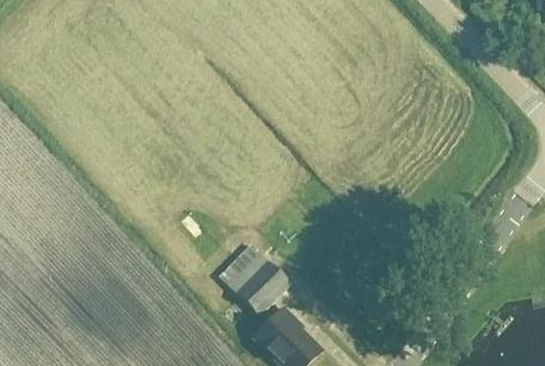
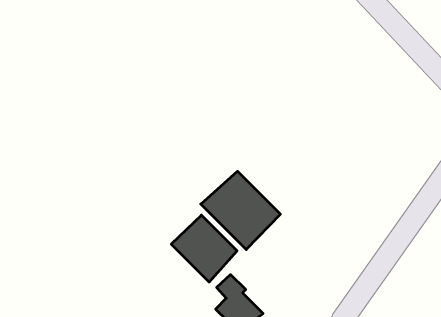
building: none -> [201,171,280,250]

